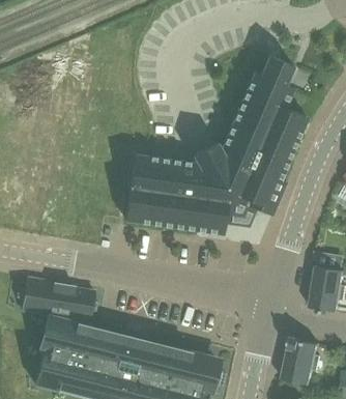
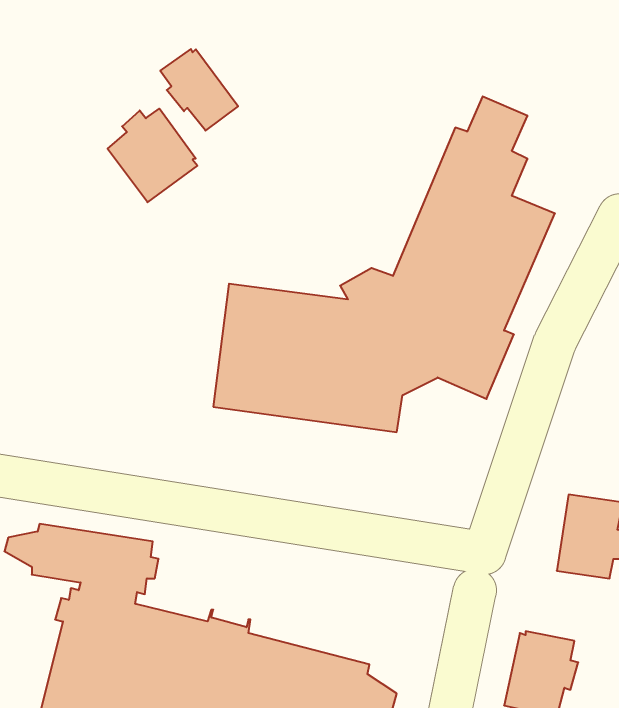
building: none -> [160,49,238,131]
building: none -> [108,109,197,202]

